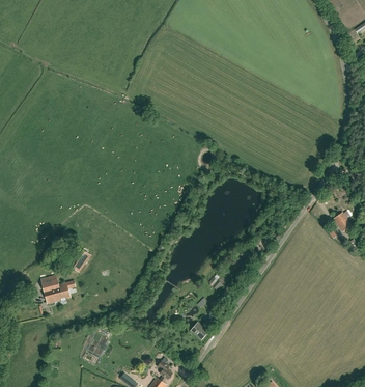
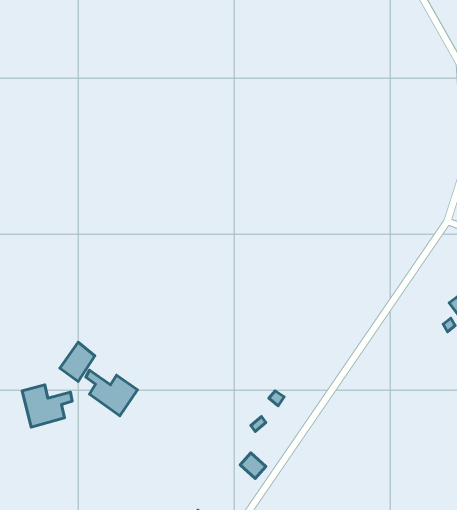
building: none -> [86,370,137,416]

